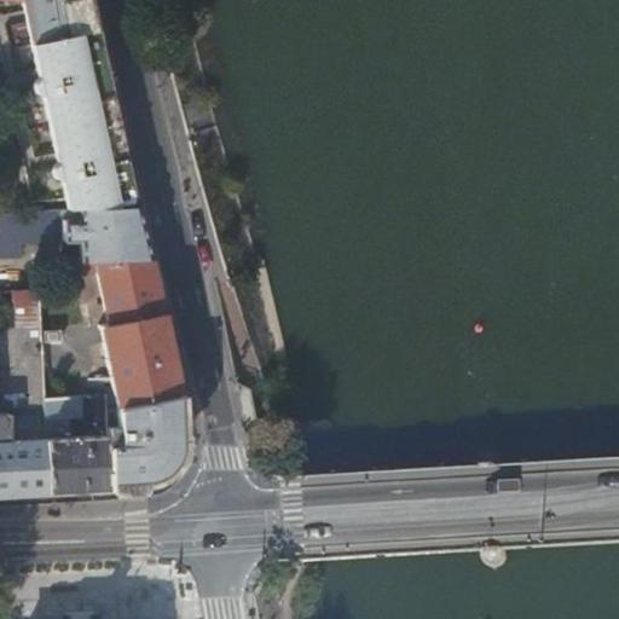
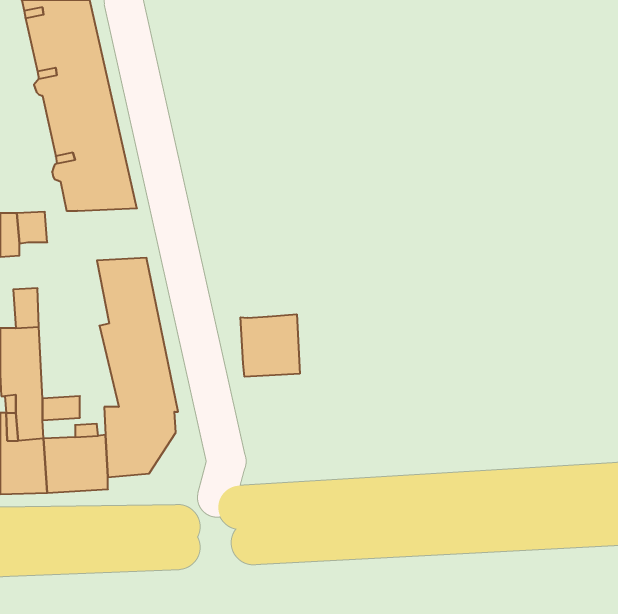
building: [62,213,149,265] -> none
building: none -> [241,314,300,377]

